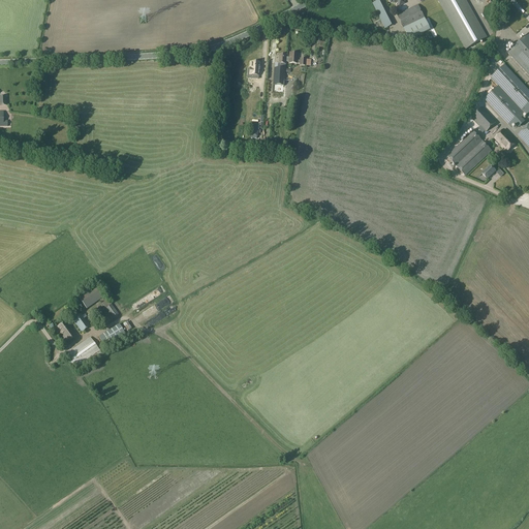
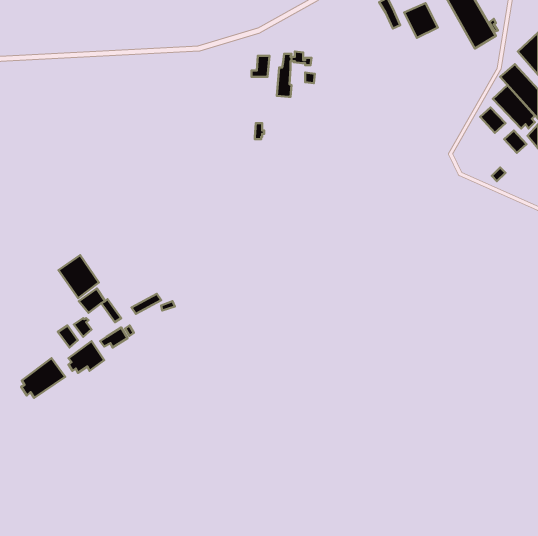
building: [446,129,492,175] -> none
building: none -> [59,255,99,298]
building: none -> [21,358,65,398]

